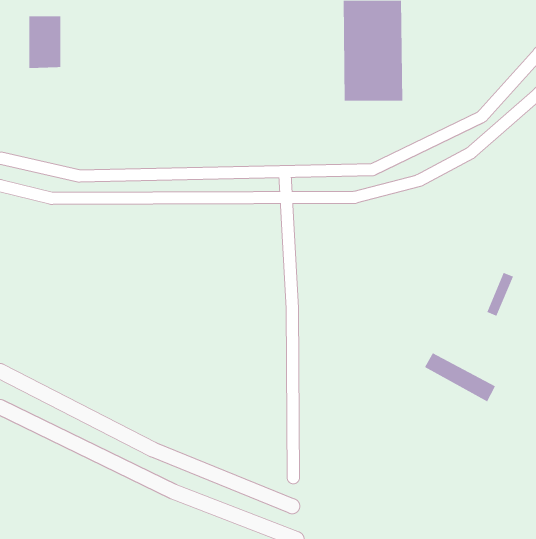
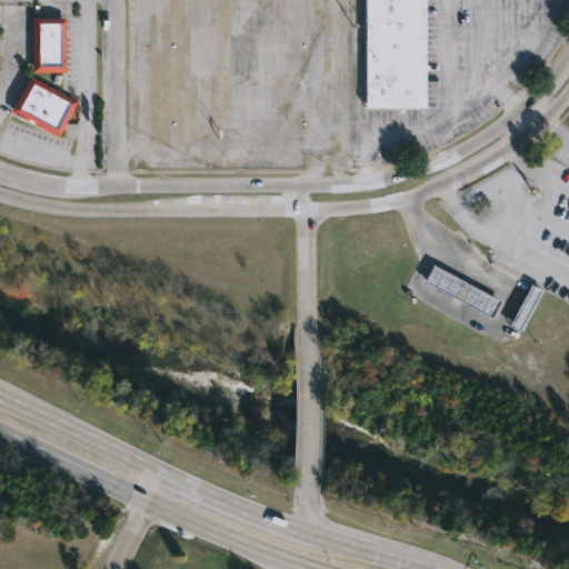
building: none -> [11,76,78,138]
building: [424,353,496,402] -> [428,266,503,318]

